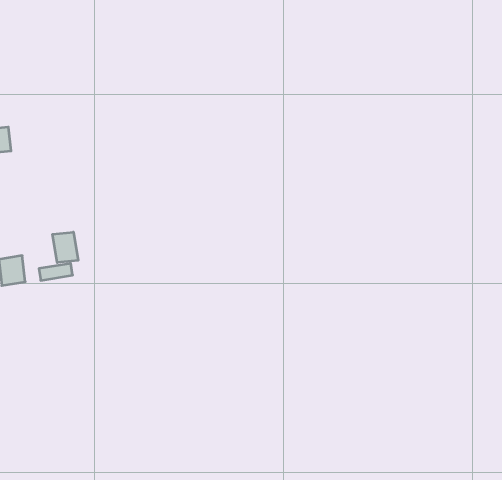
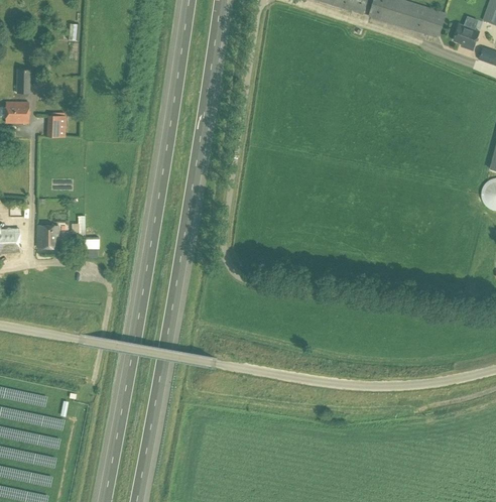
building: [53,232,78,263] -> none

